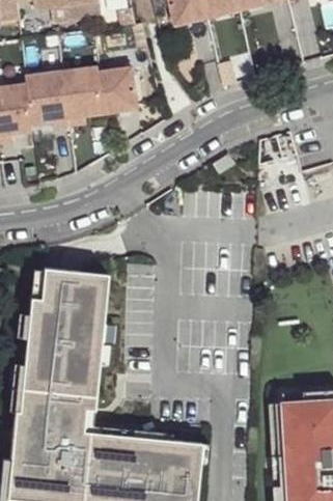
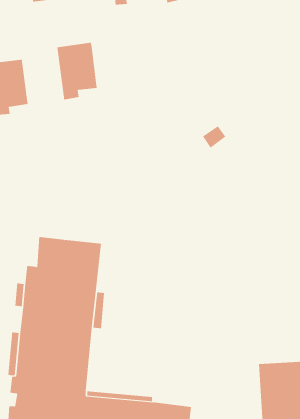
building: [99,67,137,114] -> none
building: [25,72,68,129] -> none

